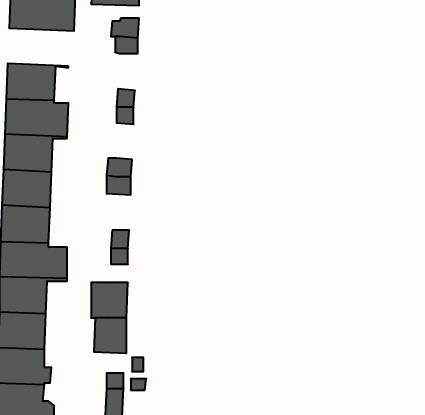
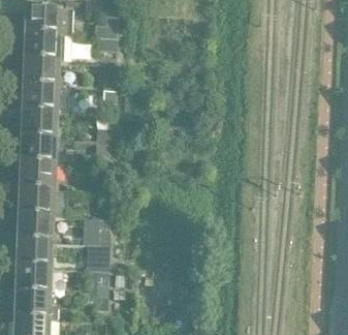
building: none -> [24,31,72,59]

